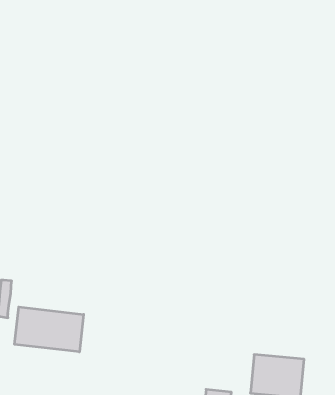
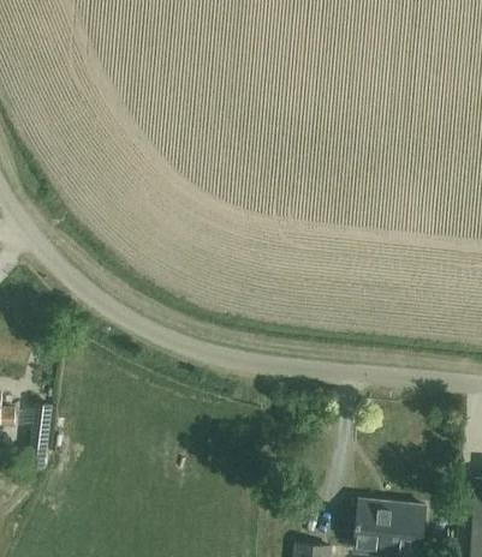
building: [15,307,84,352] -> none

